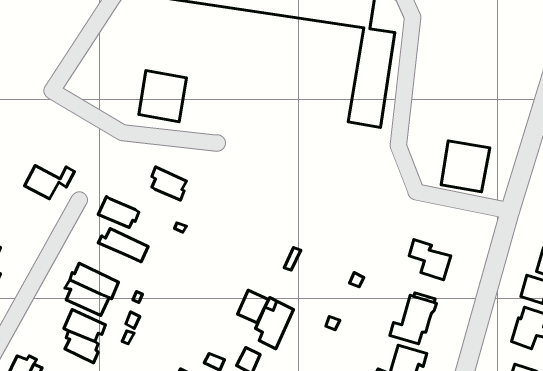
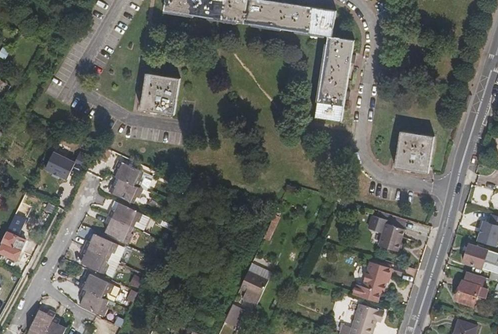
building: [152,167,186,200] -> [114,160,143,188]
building: none -> [104,216,132,244]
building: [238,290,269,323] -> none

